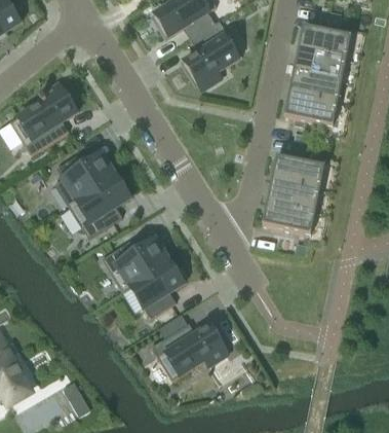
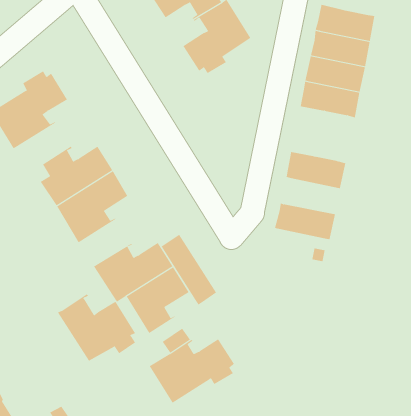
building: [267,178,320,211] -> none
building: none -> [161,234,217,305]
building: none -> [57,293,136,362]

